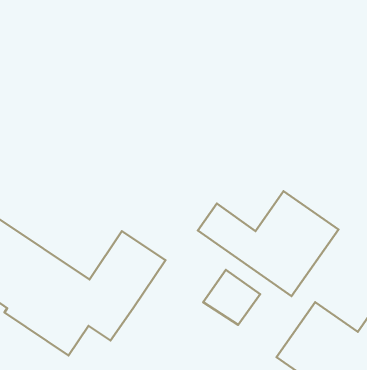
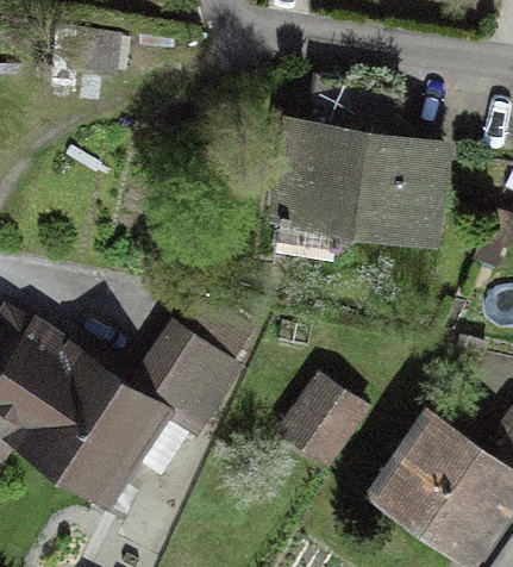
building: none -> [273,83,438,237]
building: [198,191,338,296] -> none

